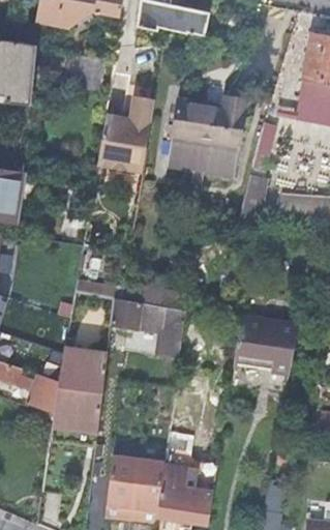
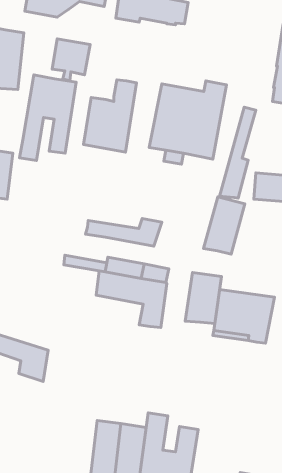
building: none -> [20,75,76,160]
building: none -> [203,197,245,254]
building: none -> [85,219,162,246]
building: none -> [185,272,221,324]
building: [51,347,107,445] -> none

